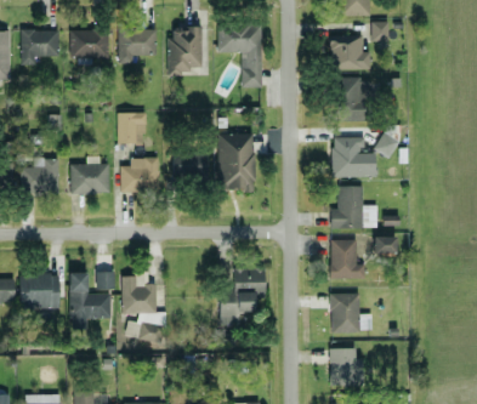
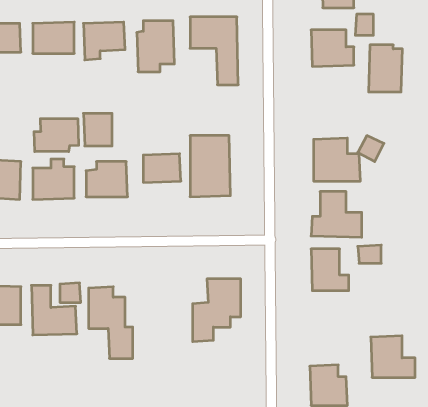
building: [339,78,370,121] -> [369,45,402,92]
building: none -> [34,119,79,152]
building: [330,294,371,332] -> [371,336,415,377]

